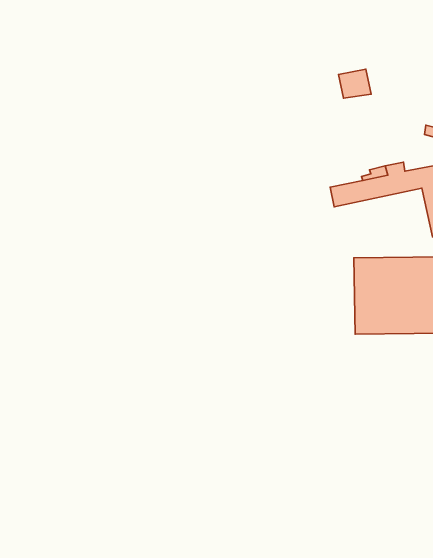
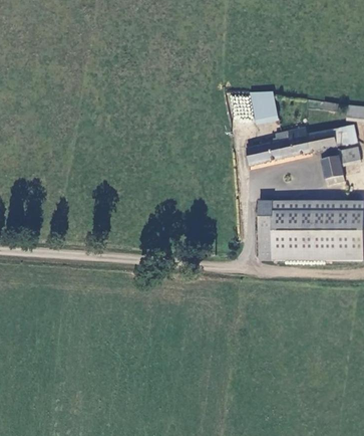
building: [338,69,371,98] -> [252,94,277,117]
building: none -> [258,201,272,259]

